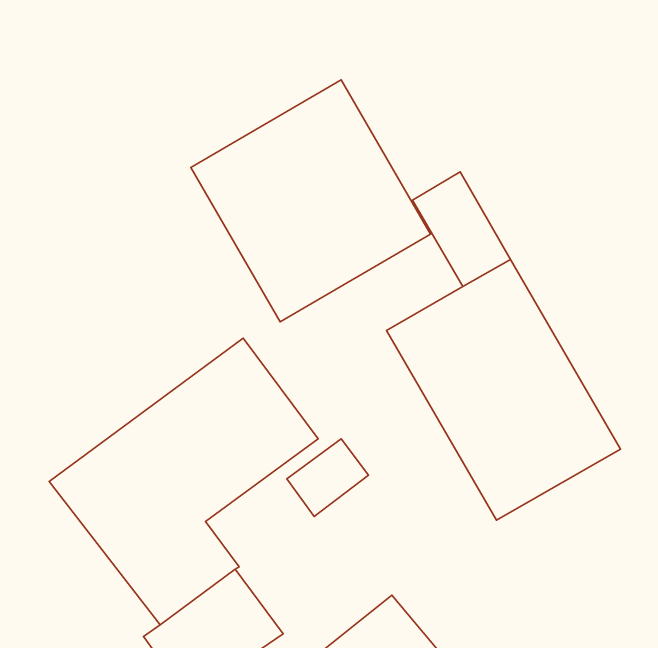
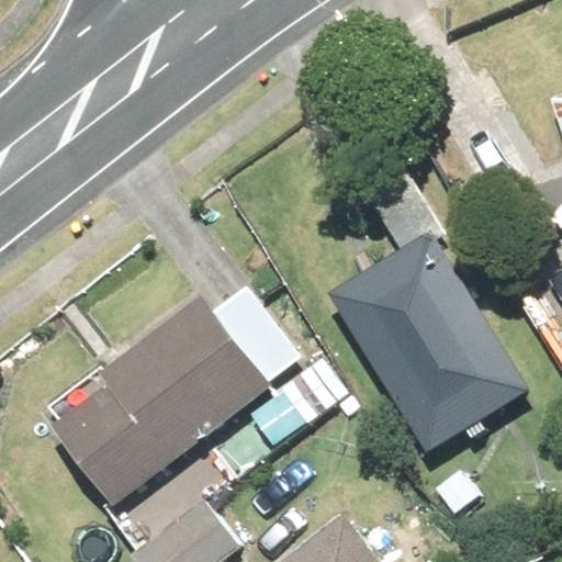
building: [191,80,431,322] -> none

